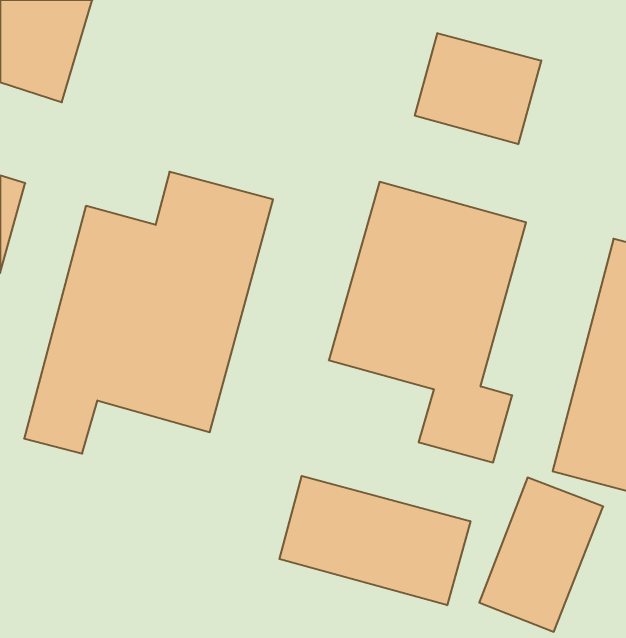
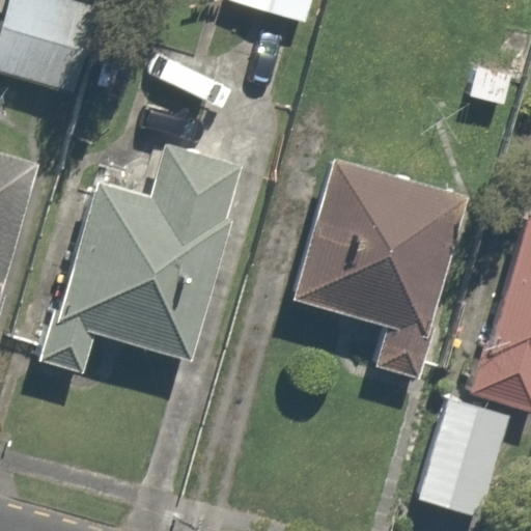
building: [415,33,541,144] -> none
building: [279,476,470,605] -> none

